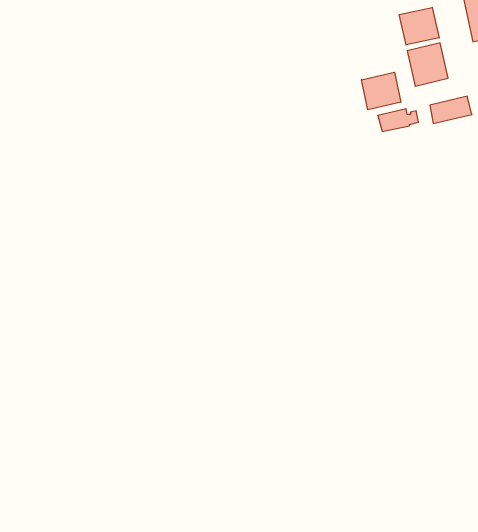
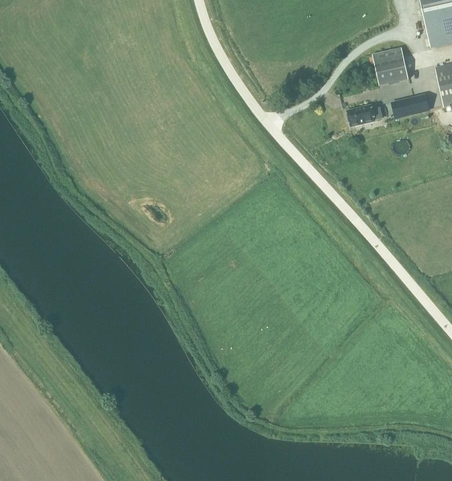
building: [399,7,439,45] -> none
building: [362,72,401,110] -> none

